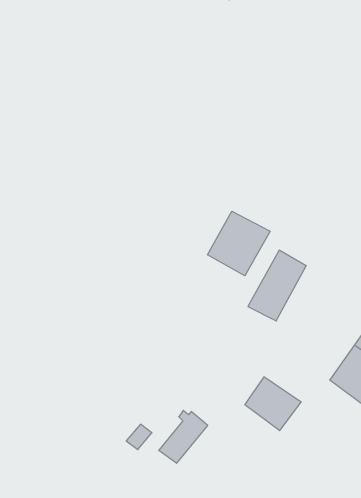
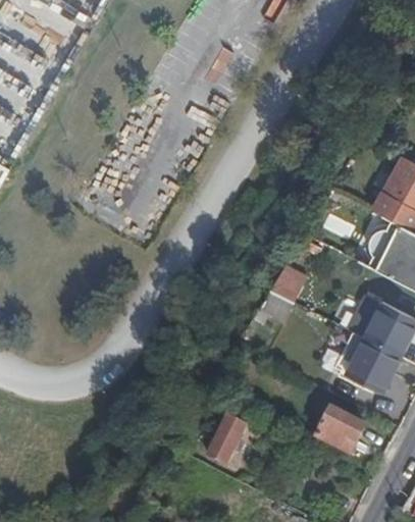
building: [208,211,270,276] -> none
building: [245,377,301,431] -> [316,407,365,452]

